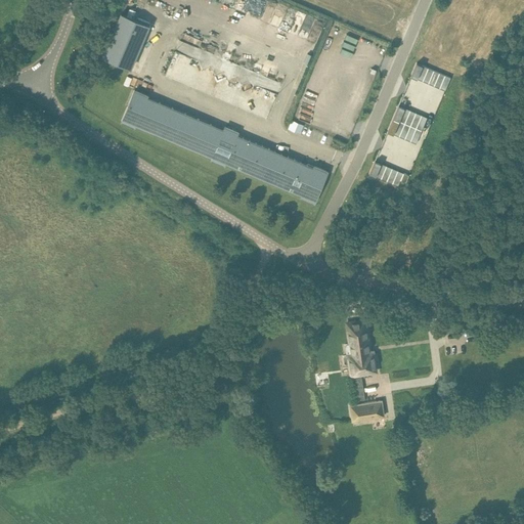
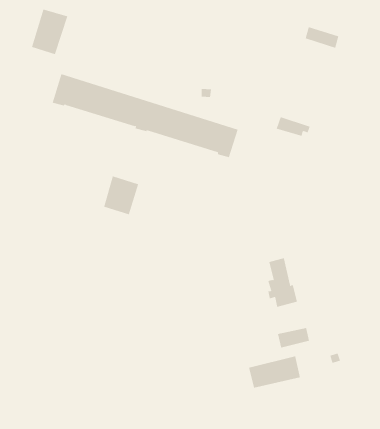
building: [388,106,427,144] -> none
building: none -> [103,175,139,215]
building: none -> [249,355,300,388]

